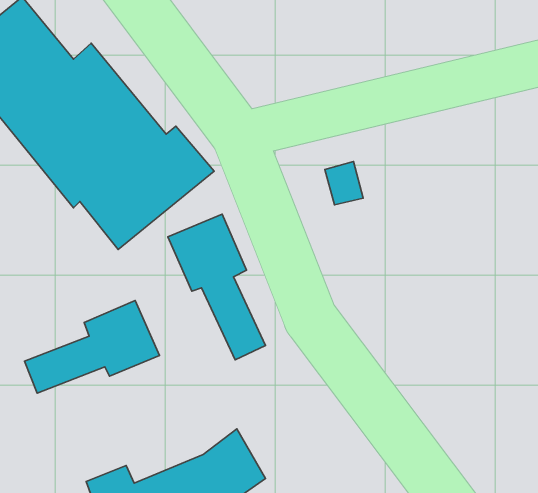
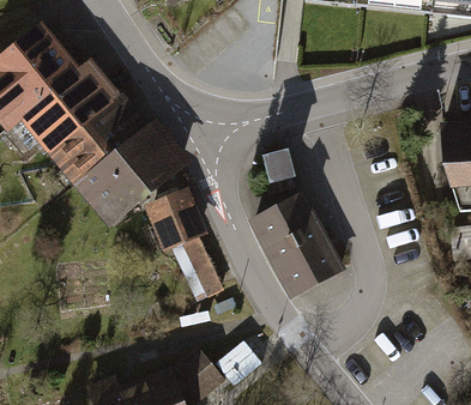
building: none -> [255,198,340,294]
building: [25,300,160,393] -> none

